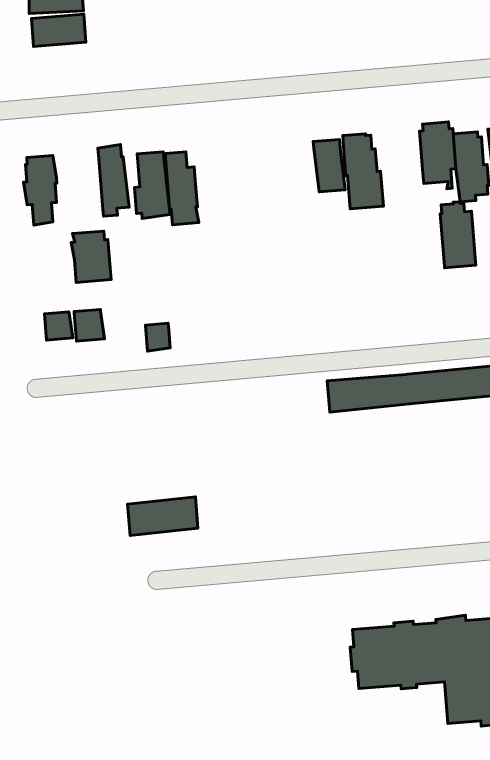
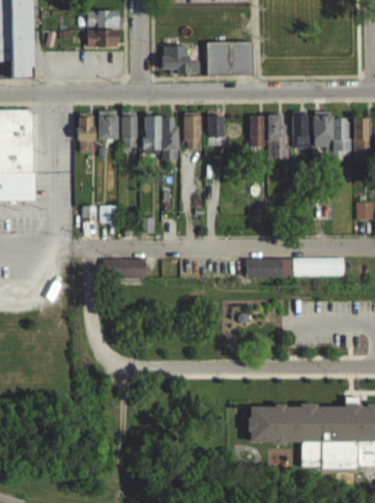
building: none -> [207,41,253,76]
building: none -> [164,46,190,75]
building: none -> [207,111,222,144]
building: none -> [182,111,201,147]
building: [440,202,476,268] -> [291,109,310,147]
building: [71,231,111,282] -> [96,110,118,139]
building: [128,497,198,535] -> [105,258,145,277]

